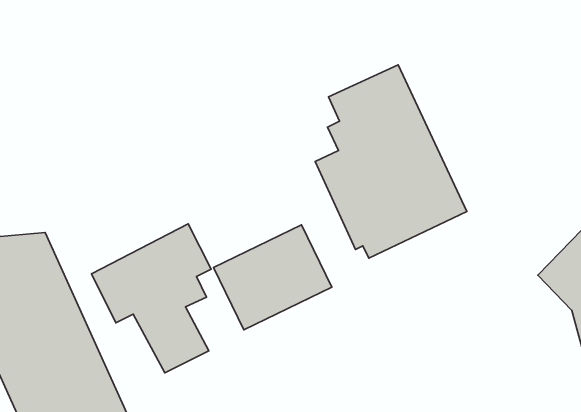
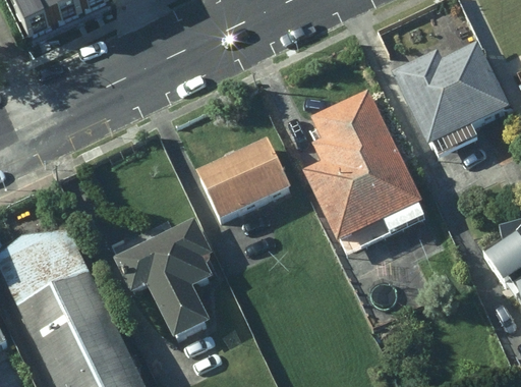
building: none -> [390,40,512,158]
building: [213,225,332,330] -> [192,135,291,223]

